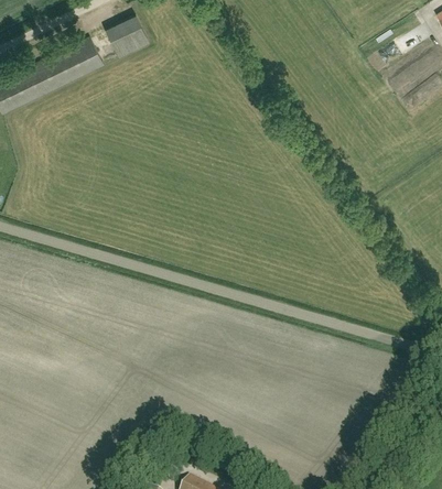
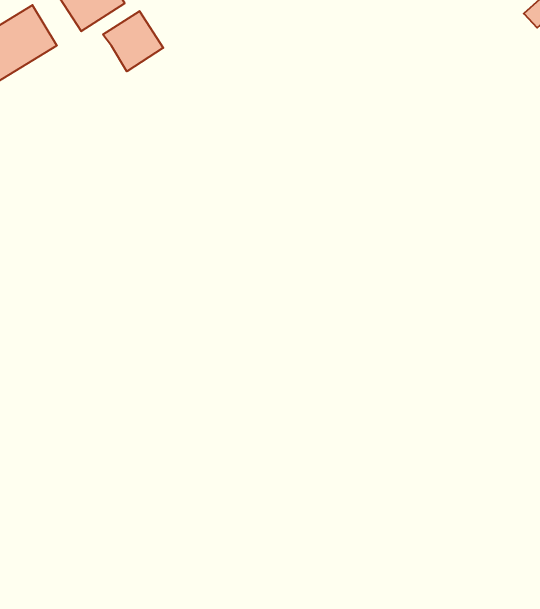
building: none -> [103,11,163,71]

